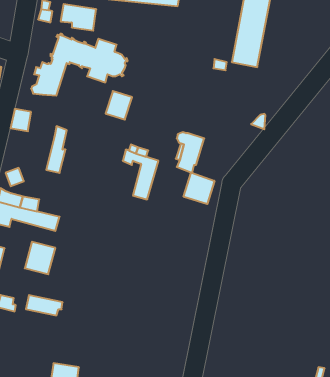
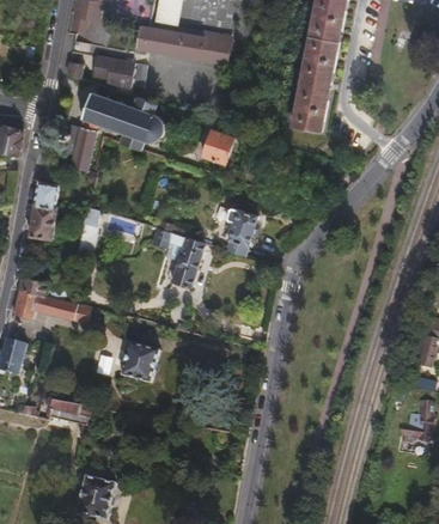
building: [106,91,132,120] -> [202,130,233,164]
building: none -> [28,203,55,238]
building: [184,173,214,204] -> none
building: [25,242,55,274] -> [120,342,156,380]

